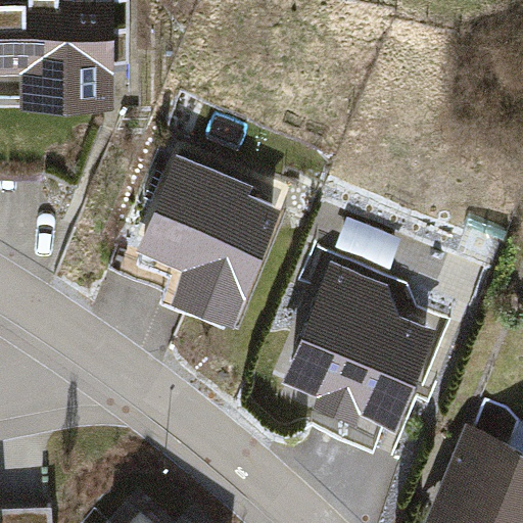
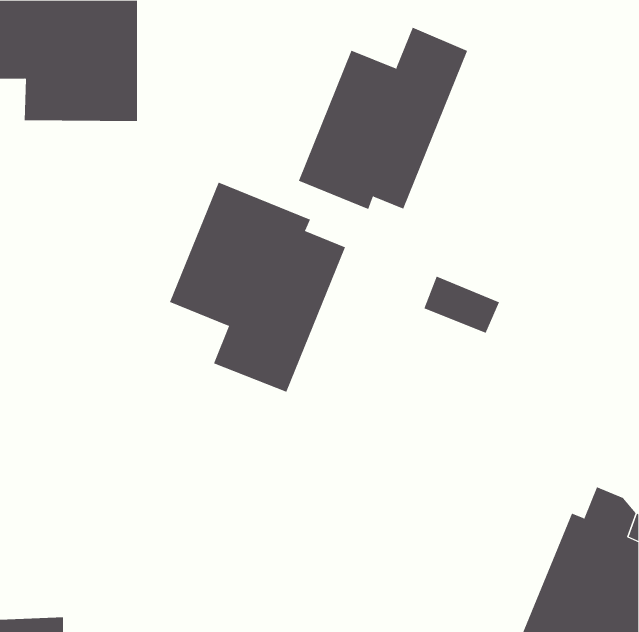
building: none -> [298,27,468,210]
building: [286,264,435,426] -> none

